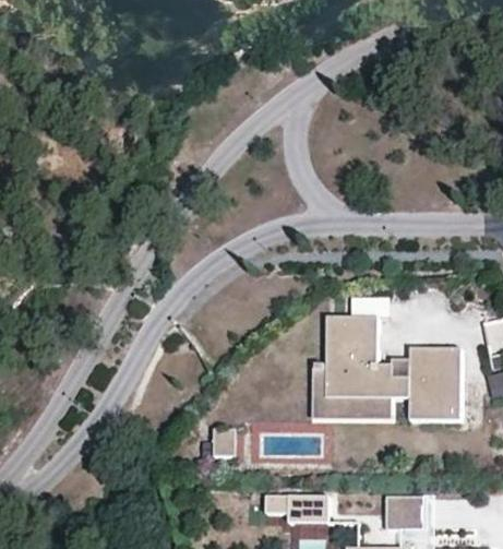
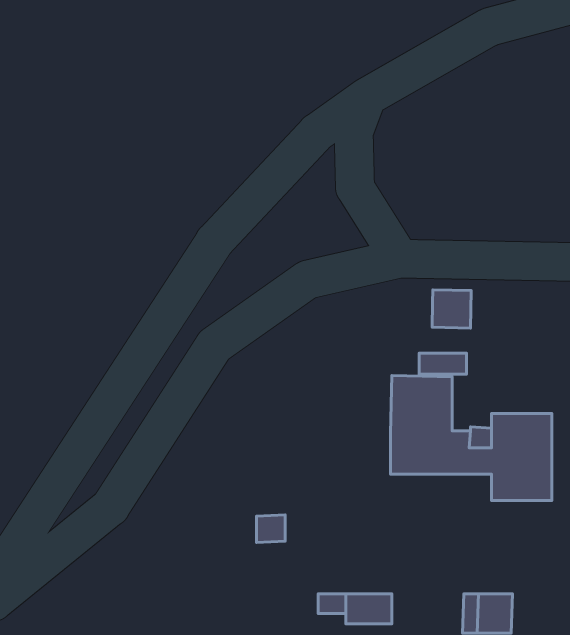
building: none -> [432,290,471,328]
building: [311,363,391,419] -> none

